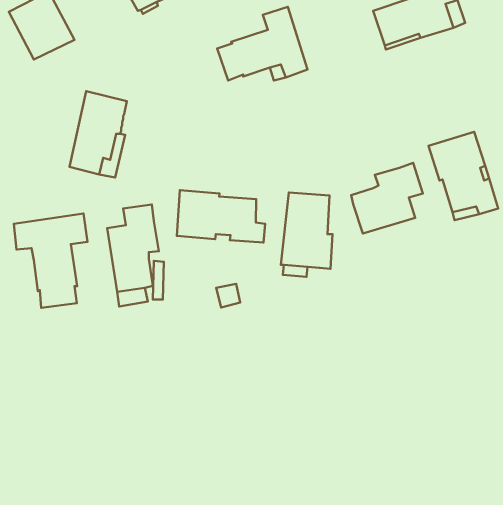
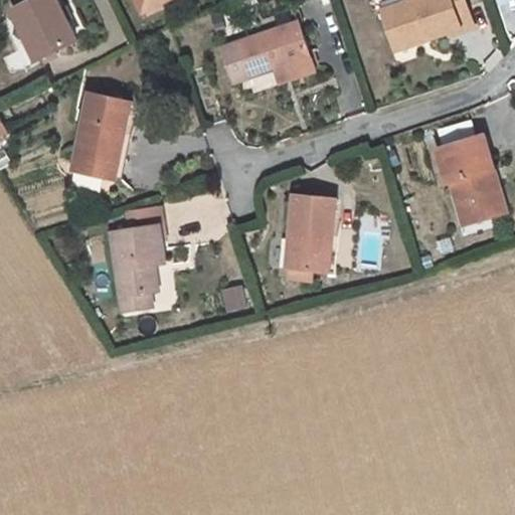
building: [351,163,423,234] -> none
building: [177,190,265,243] -> none
building: [14,213,88,308] -> none

